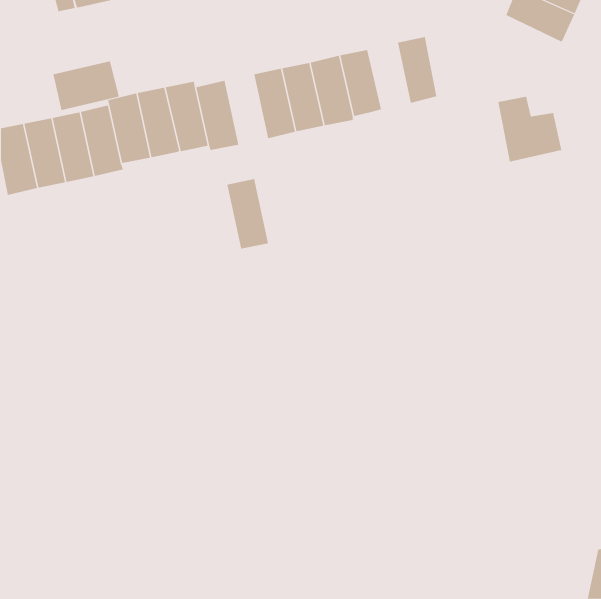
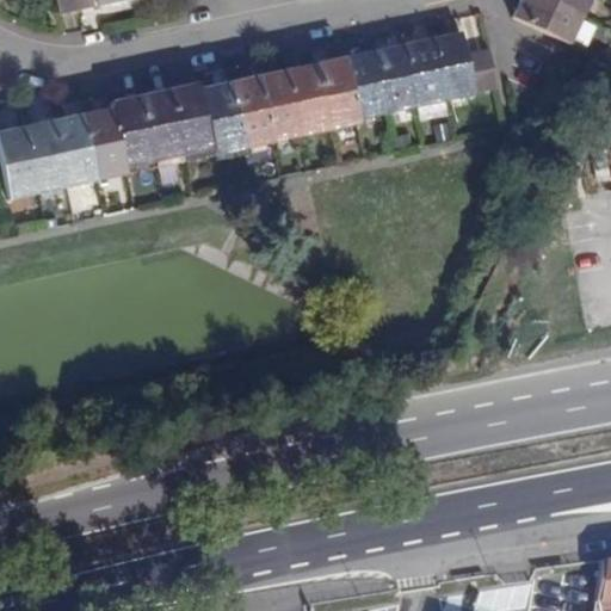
building: none -> [374,43,416,111]
building: [53,61,119,111] -> none
building: [497,96,562,162] -> [432,31,498,98]
building: [226,179,269,249] -> [229,75,272,147]

